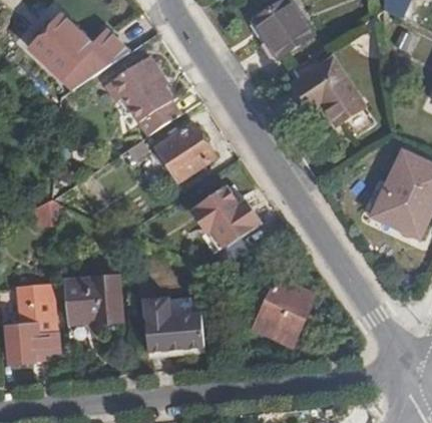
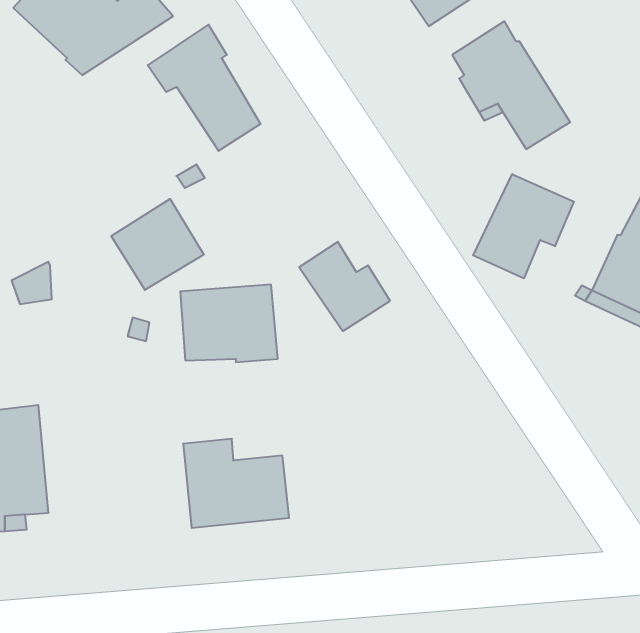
building: [158,122,213,176] -> [111,199,204,290]
building: none -> [473,174,574,278]
building: [256,274,314,343] -> none
building: [63,277,121,323] -> [180,285,278,362]

